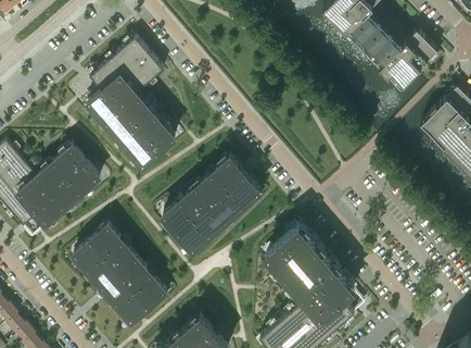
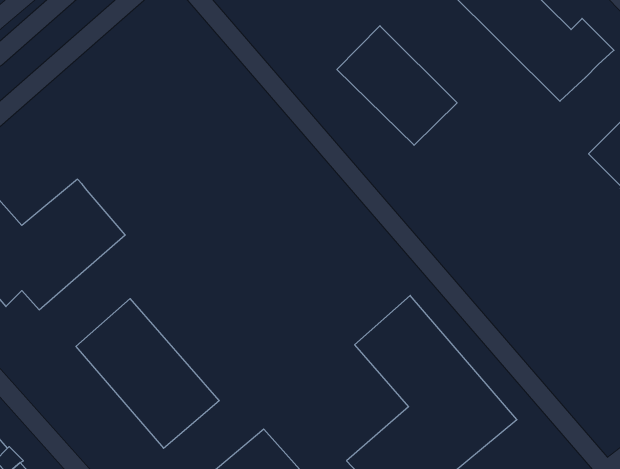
building: [81,29,180,167] -> none
building: none -> [337,26,457,145]
building: [156,151,265,256] -> none

